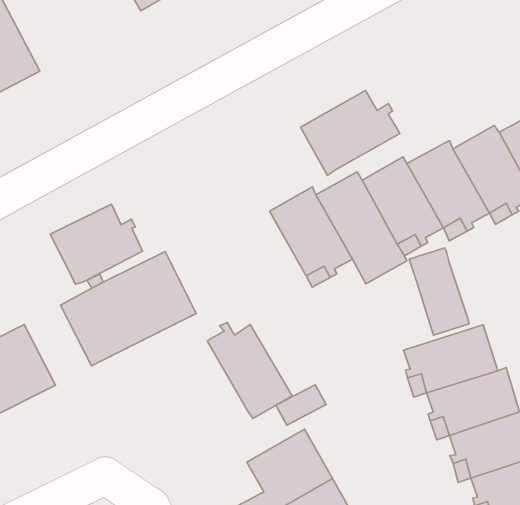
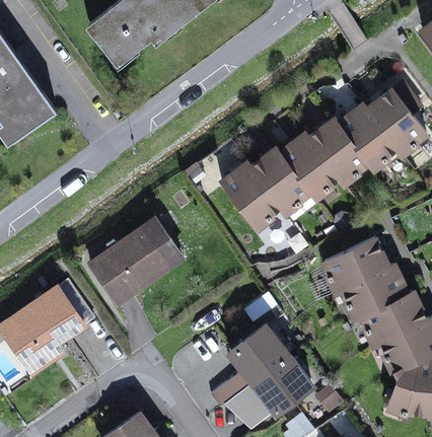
building: [301,91,400,175] -> none
building: [50,204,143,284] -> none
building: [409,248,469,335] -> none
building: [207,322,292,419] -> none

